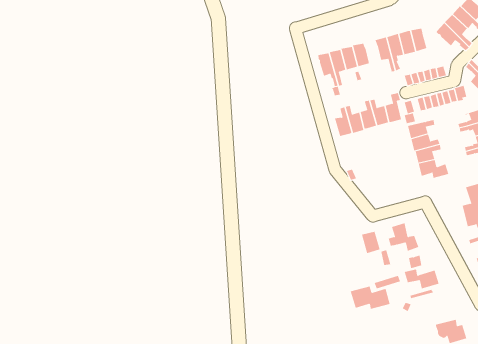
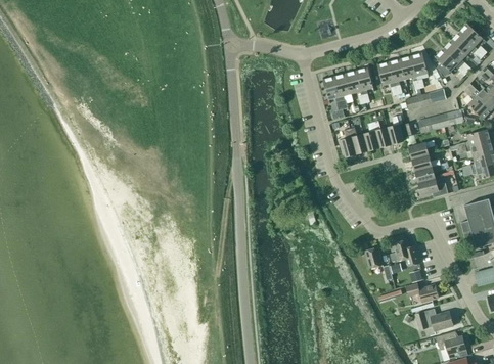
building: [350,286,391,310] -> [415,309,454,331]

